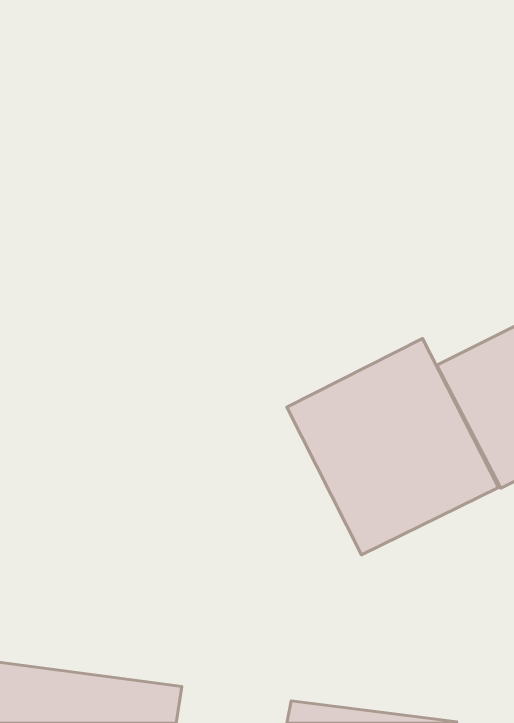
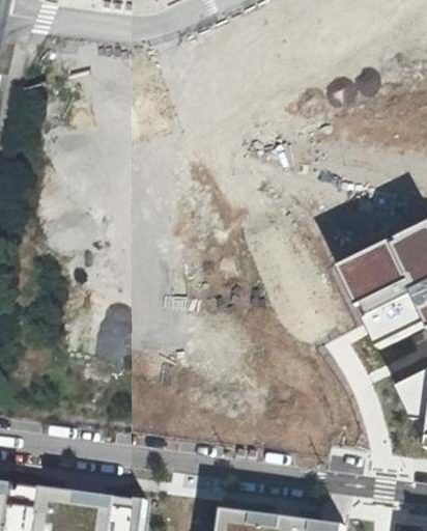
building: [287,339,499,555] -> none

